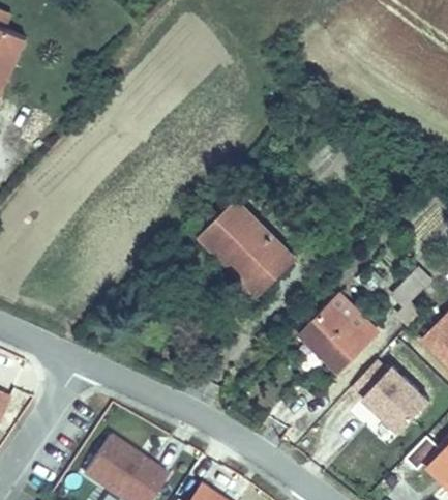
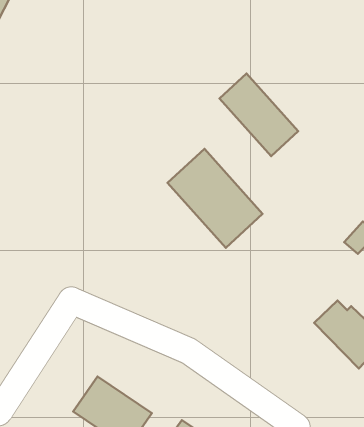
building: none -> [219,73,298,156]
building: [288,291,376,376] -> none

